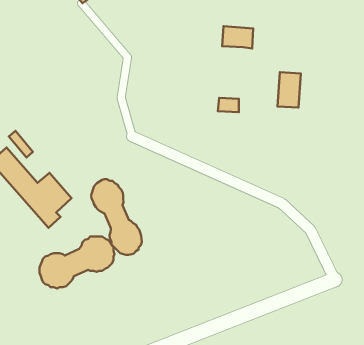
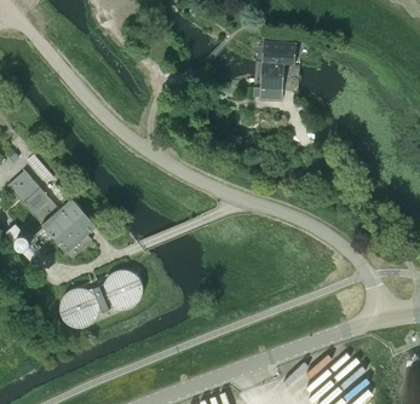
building: [278,72,301,108] -> [259,60,284,99]
building: [91,179,142,255] -> none

